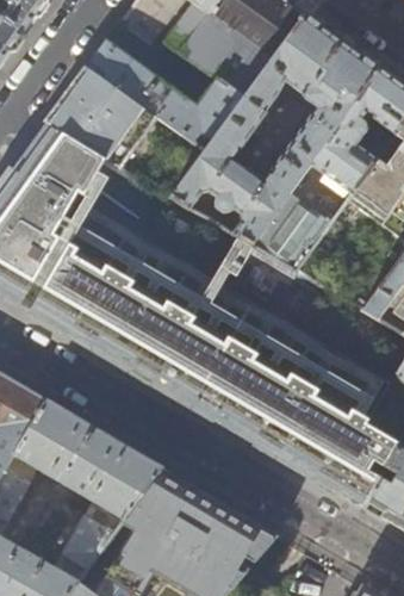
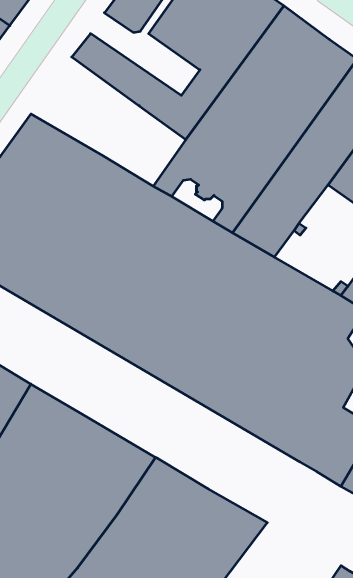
building: [45,61,156,162] -> none

